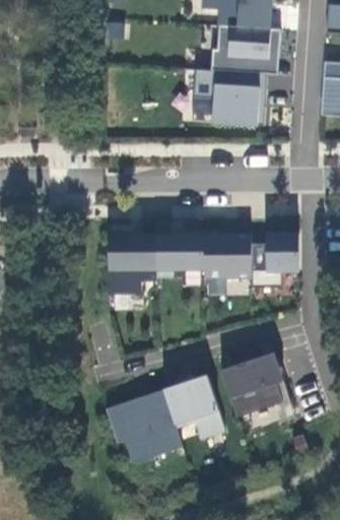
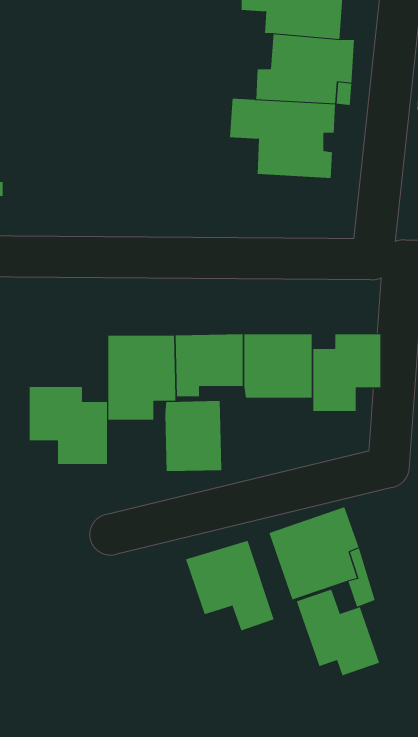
building: none -> [29,386,107,465]
building: none -> [165,400,222,472]
building: [106,389,182,462] -> none
building: none -> [296,589,380,676]

